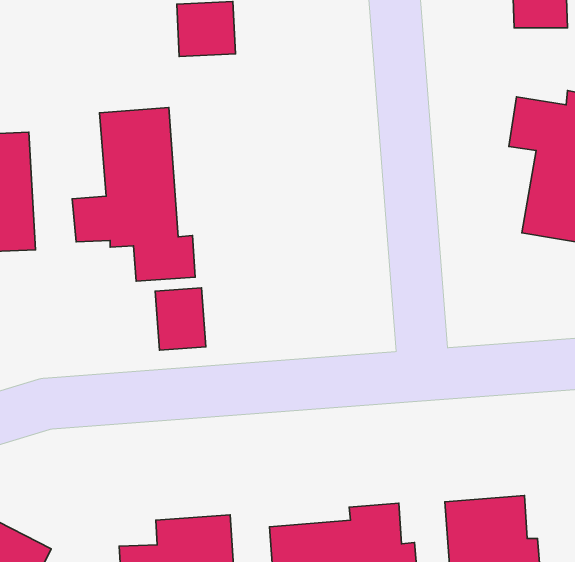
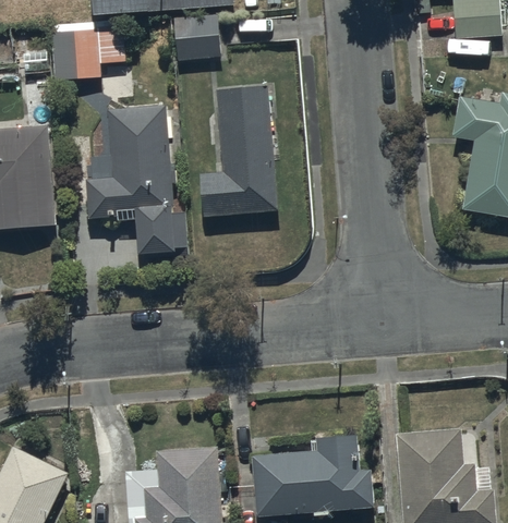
building: none -> [51,29,126,78]
building: none -> [201,85,278,216]
building: [155,288,206,350] -> none

